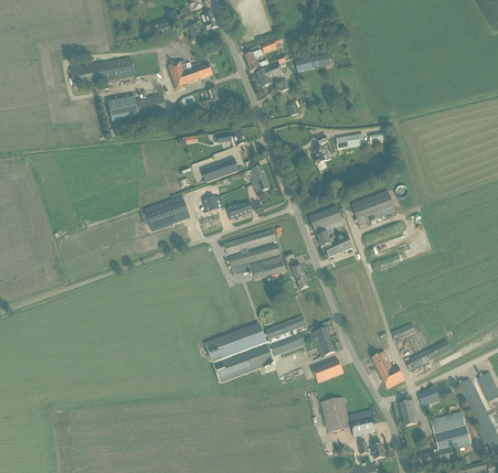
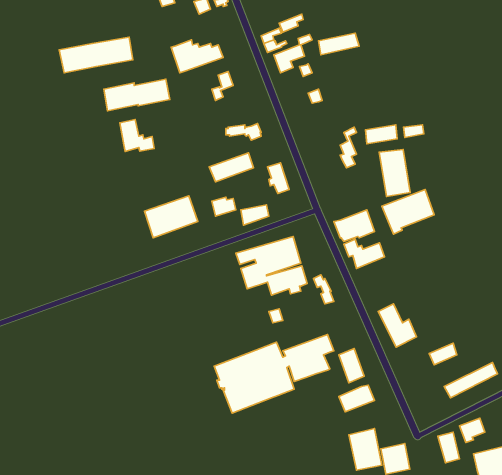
building: none -> [120,119,154,151]
building: none -> [379,150,410,197]
building: [371,351,404,388] -> [378,304,416,347]

